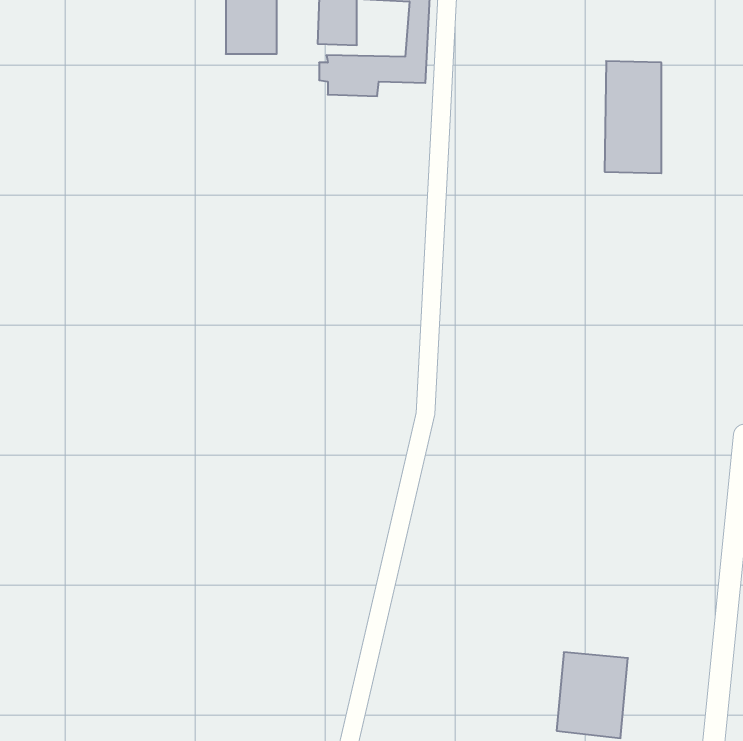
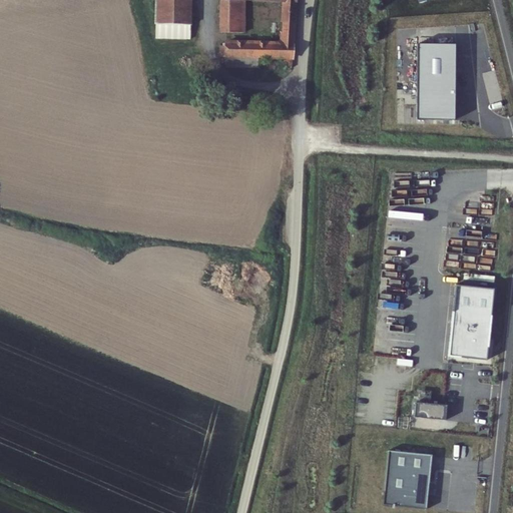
building: none -> [449,284,495,359]
building: none -> [416,401,448,419]

